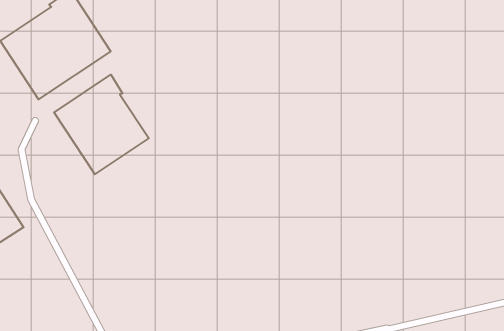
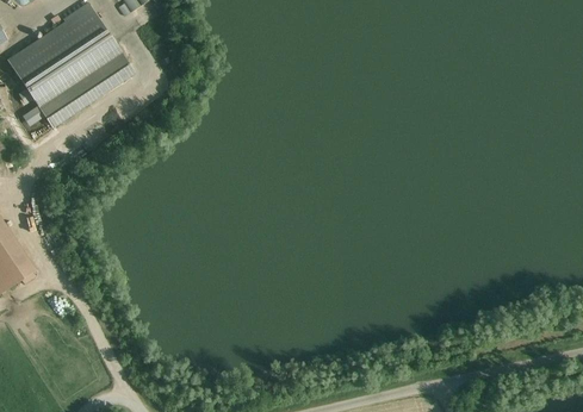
building: [54,75,149,174] -> none

